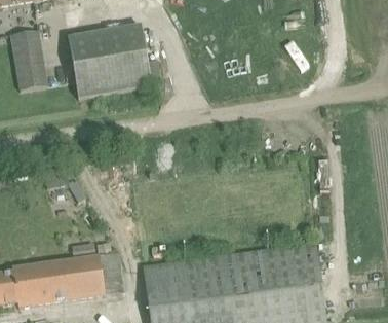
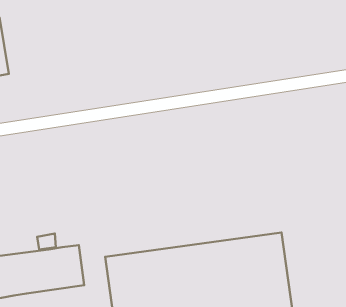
building: [68,24,152,98] -> none

